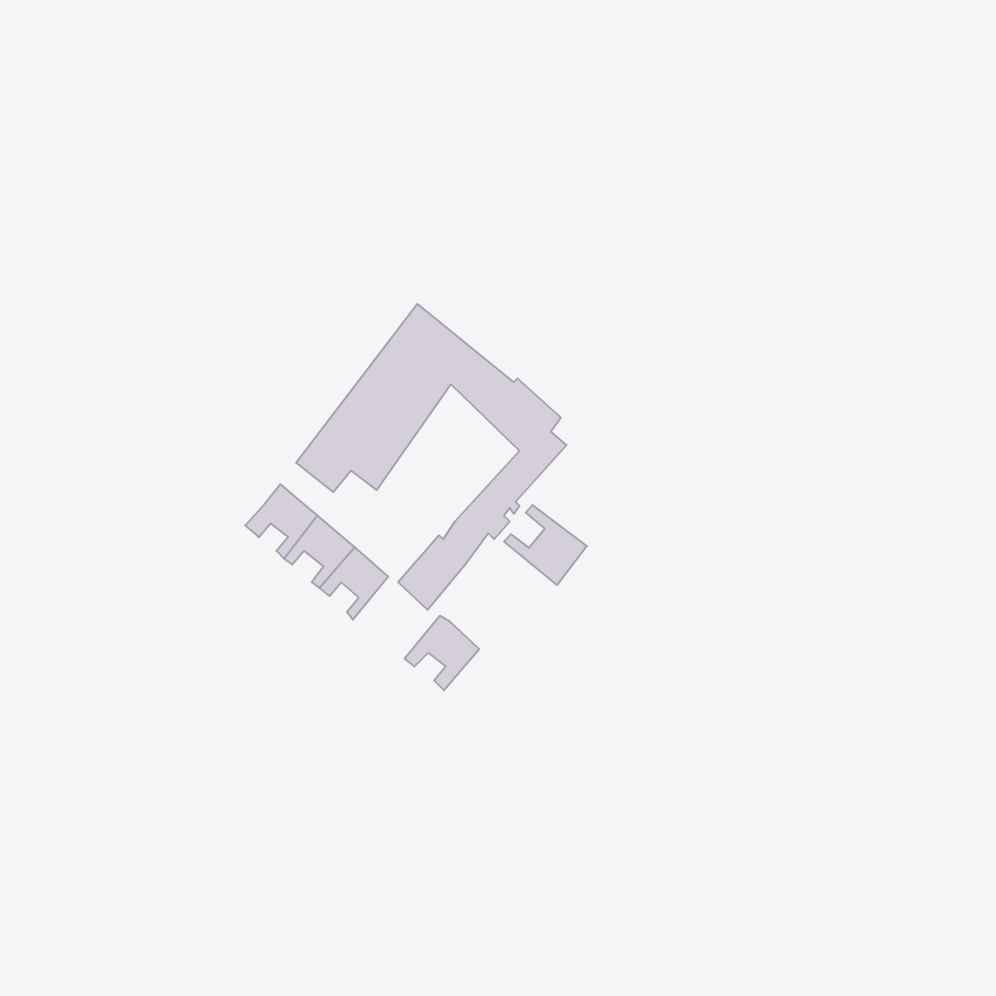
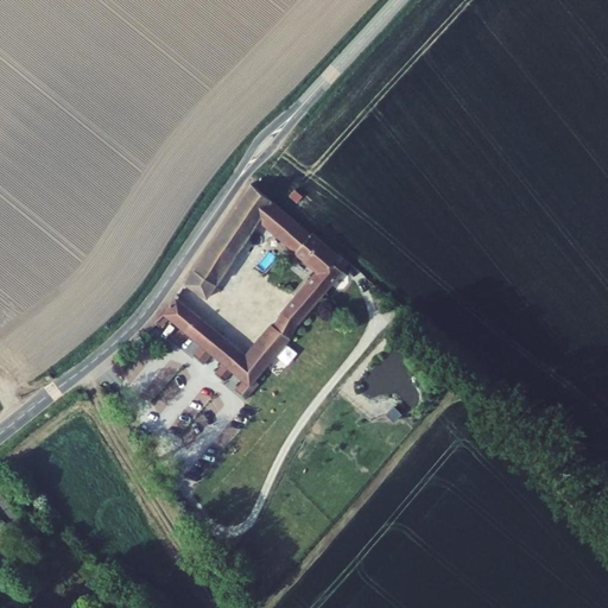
building: [504,505,587,585] -> none
building: [405,616,479,690] -> [214,353,259,398]

